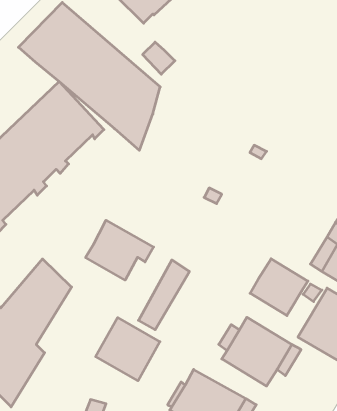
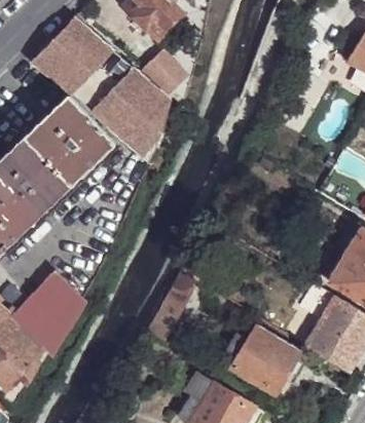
building: [86,220,154,280] -> none
building: [250,259,308,316] -> none
building: [96,318,160,381] -> none

